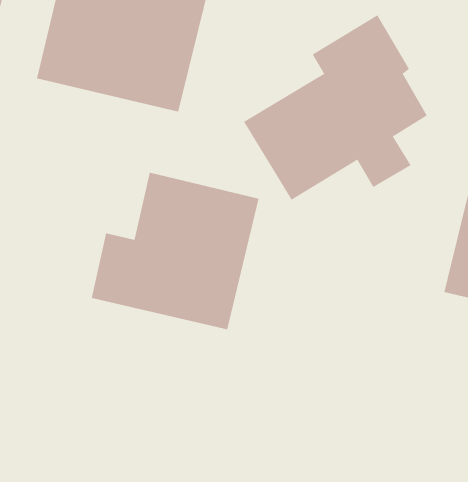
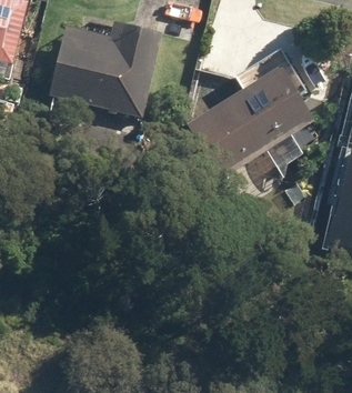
building: [91,172,259,330] -> none

